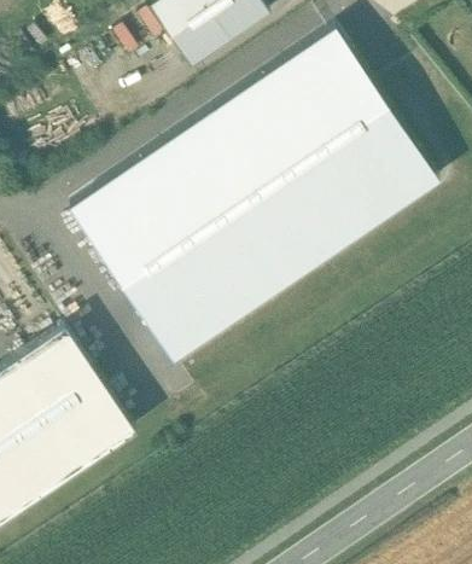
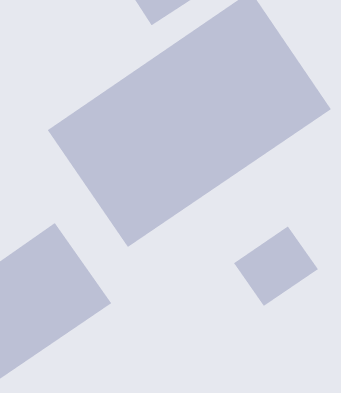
building: none -> [233,225,319,307]

